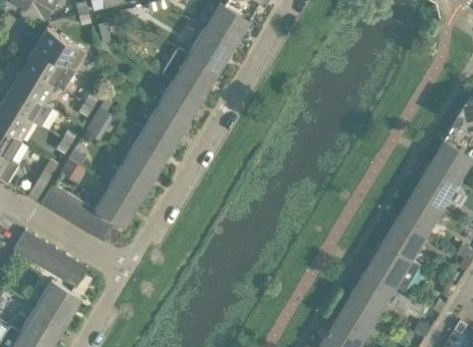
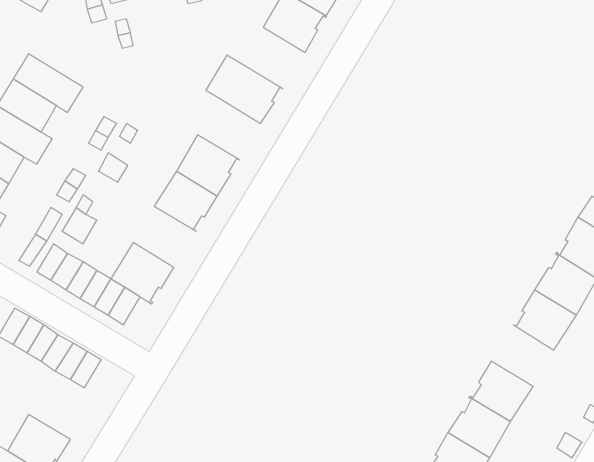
building: [34,29,85,72] -> none
building: [187,29,233,73] -> none
building: [156,80,201,124] -> none
building: [109,157,155,202] -> none
building: [367,243,421,292] -> none
building: [34,281,80,325] -> none

